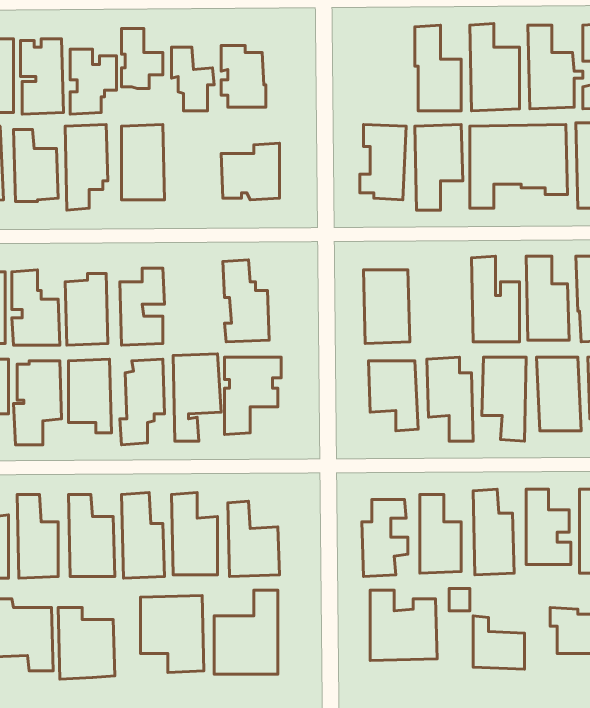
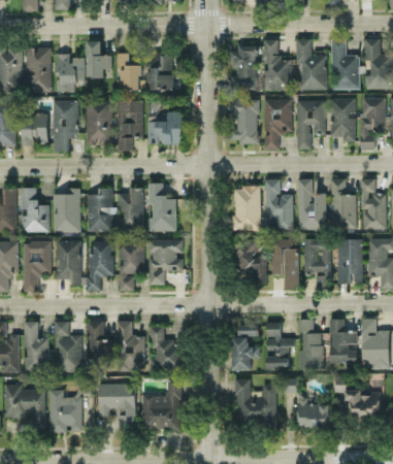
building: none -> [231,45,258,91]
building: none -> [119,100,143,151]
building: none -> [265,179,294,230]
building: none -> [118,188,145,232]

